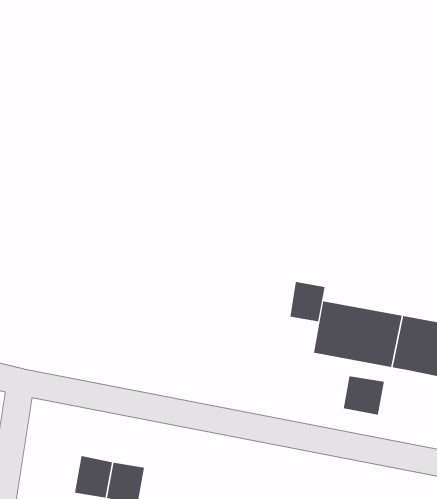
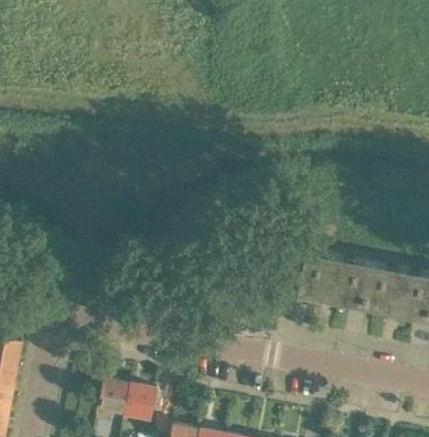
building: [290,281,325,322] -> none
building: [343,375,385,416] -> none

